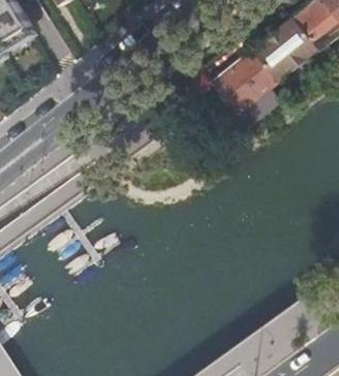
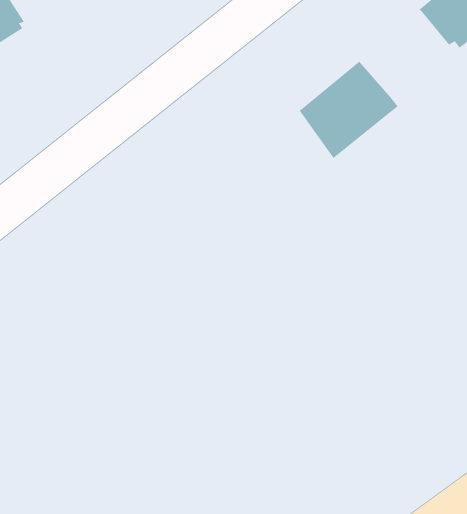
building: [253,19,313,75] -> none

